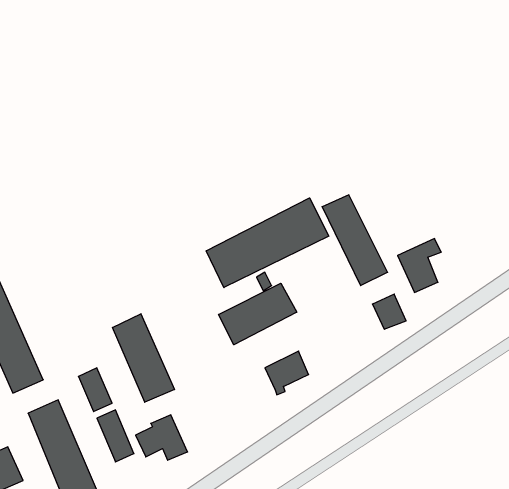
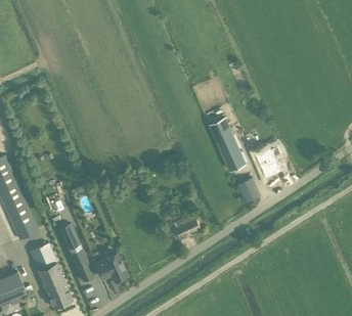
building: [206,198,329,288] -> none
building: [219,283,297,345] -> none
building: [113,314,174,402] -> none

